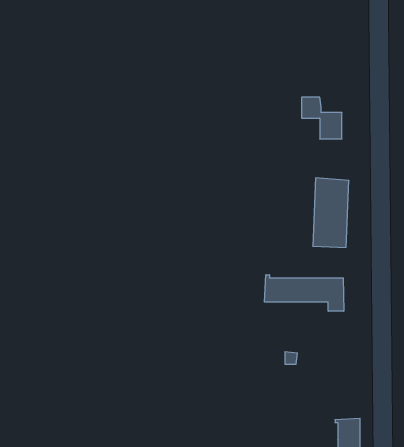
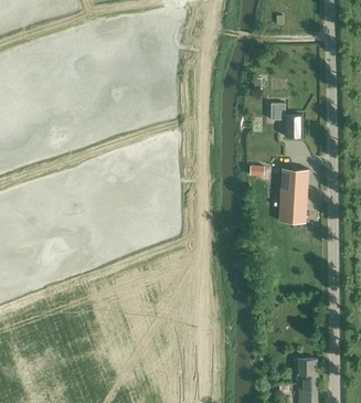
building: [265,275,344,311] -> none

